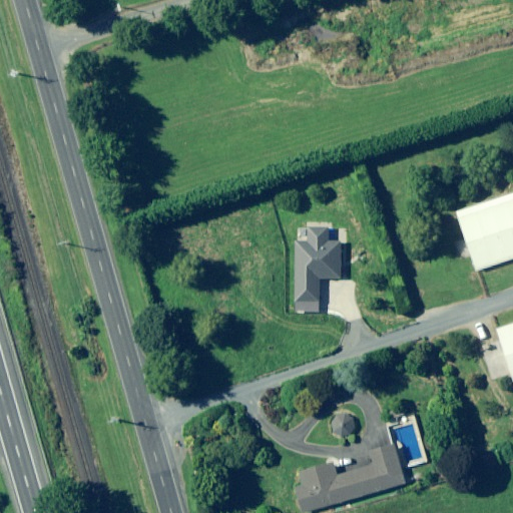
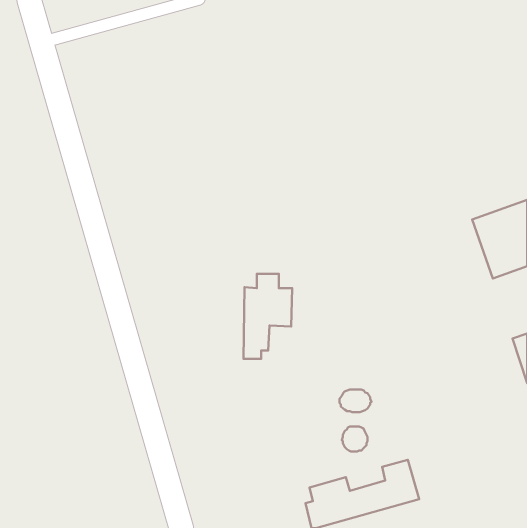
building: [296,227,343,310] -> [243,274,292,359]
building: none -> [339,390,371,412]

